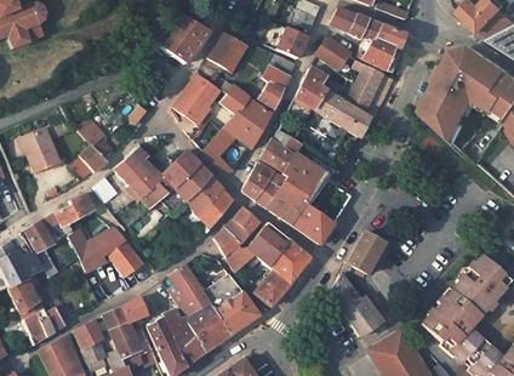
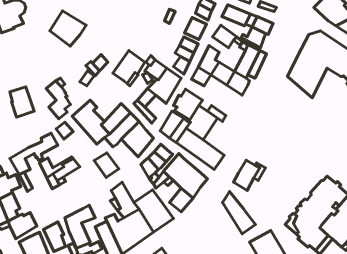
building: [158,12,210,63] -> [50,11,86,46]
building: [206,32,246,74] -> none
building: [107,241,142,277] -> [94,153,119,177]

